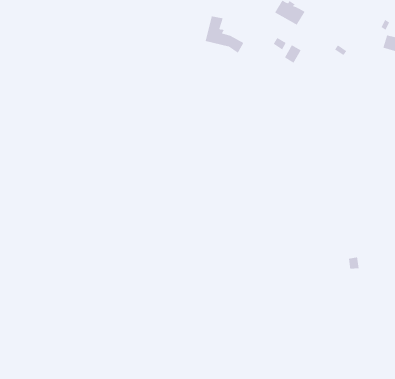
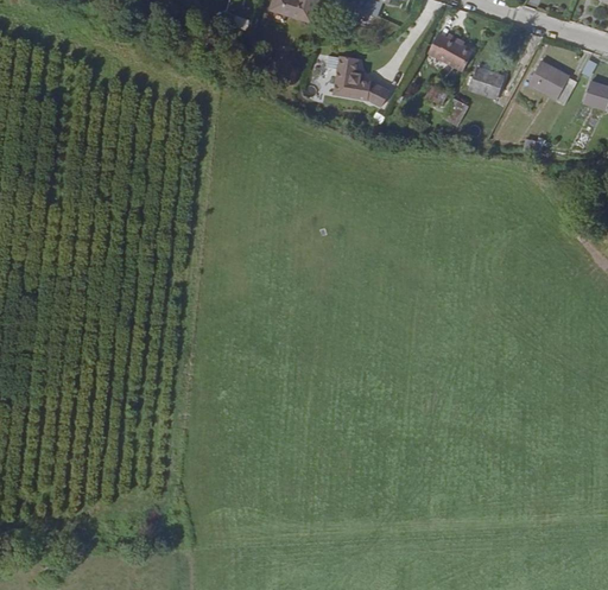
building: none -> [530,59,576,101]
building: none -> [470,69,504,97]

